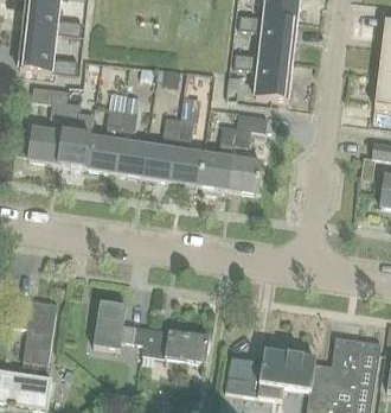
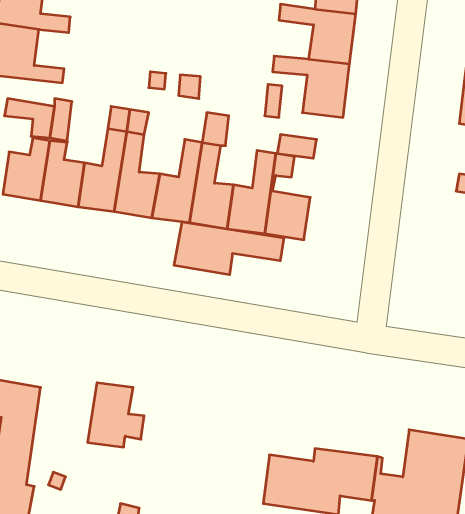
building: none -> [174,222,284,275]
building: [133,326,209,364] -> none

